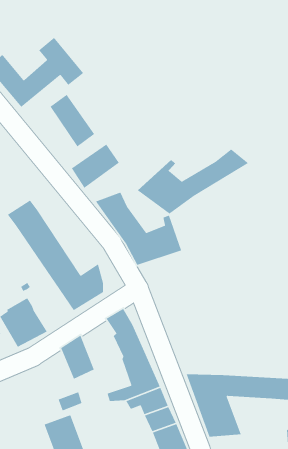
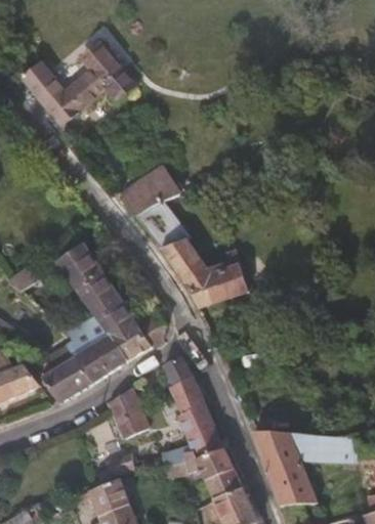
building: [49,94,95,148] -> none
building: [137,149,249,214] -> none
building: none -> [76,314,123,384]

